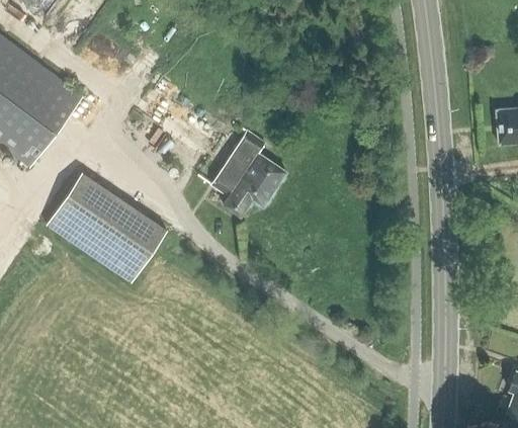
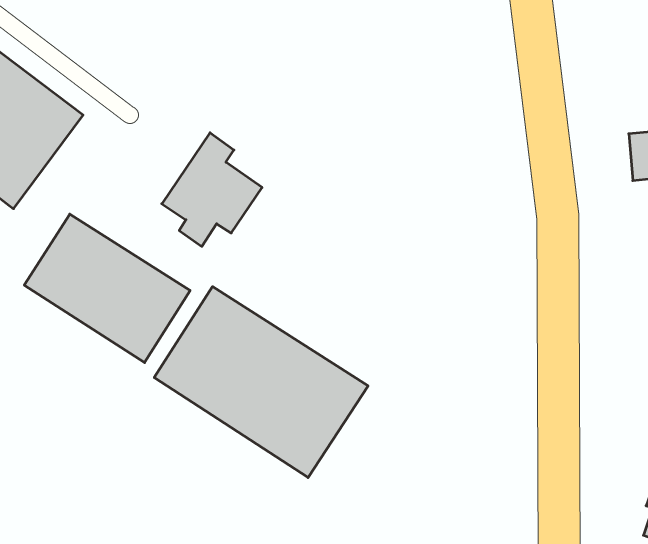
building: [211,131,287,217] -> [162,133,262,246]
building: none -> [154,287,368,478]

